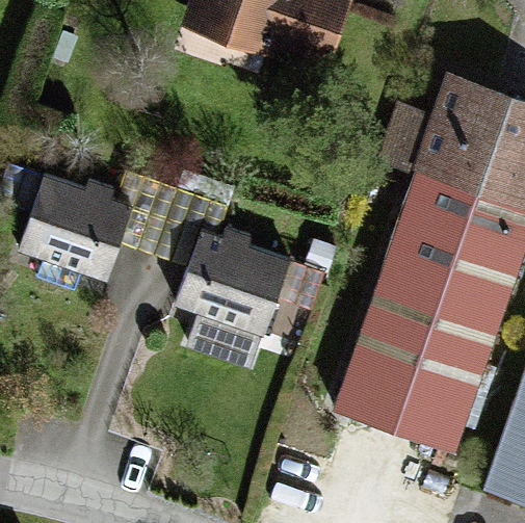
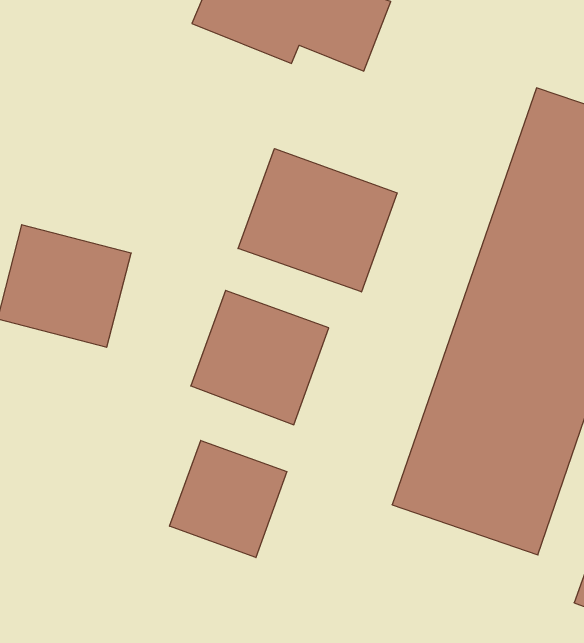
building: none -> [238,149,397,292]
building: none -> [170,440,287,558]

